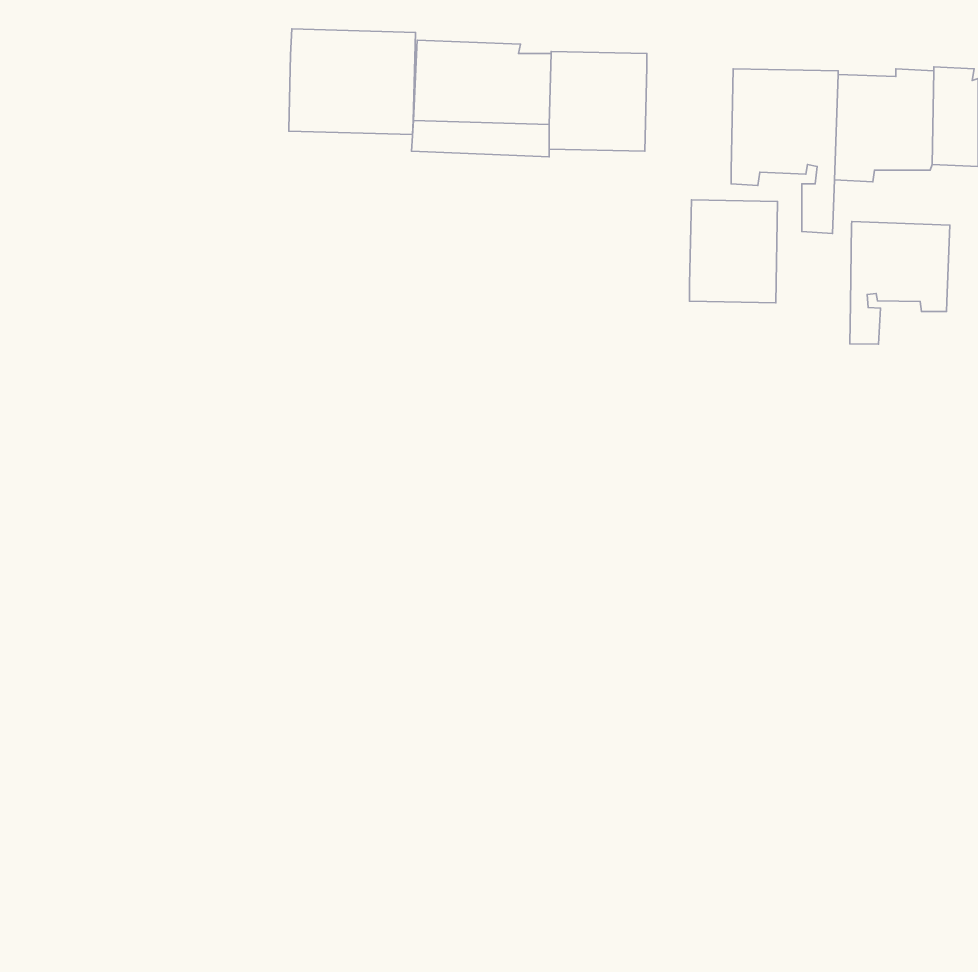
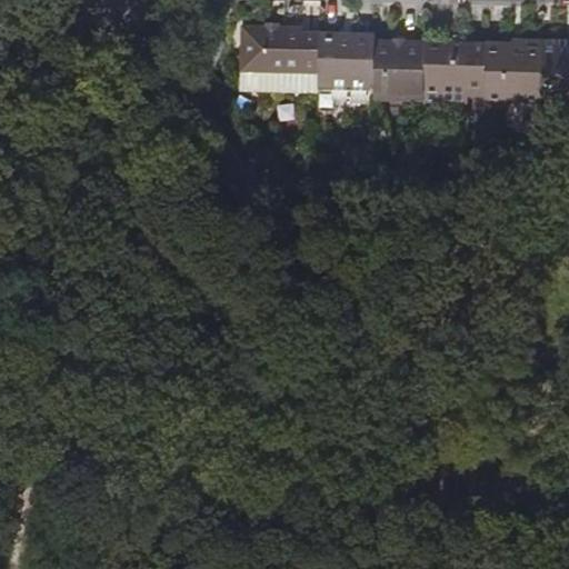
building: [289,29,415,135] -> none
building: [690,200,778,303] -> [375,39,426,99]
building: [850,221,950,344] -> none

